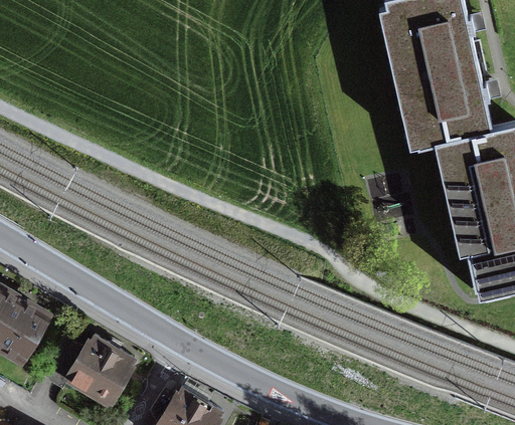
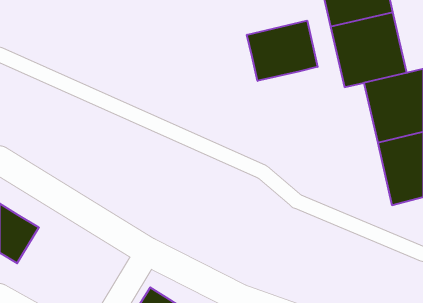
building: none -> [247,21,318,81]
building: [41,337,134,400] -> none

